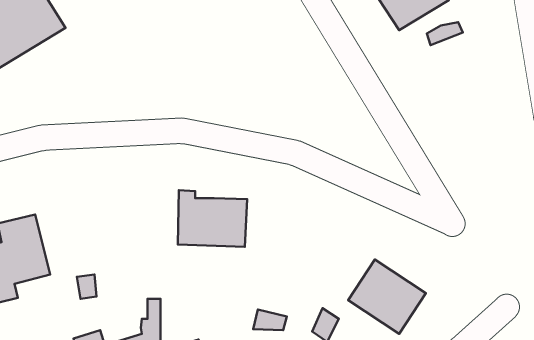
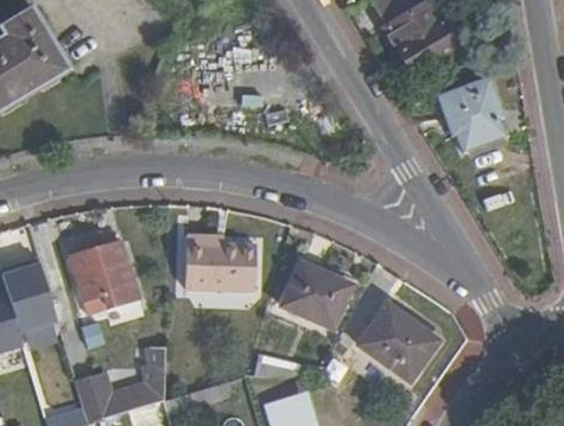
building: none -> [432,75,503,152]
building: none -> [70,241,139,307]
building: none -> [281,262,351,329]

